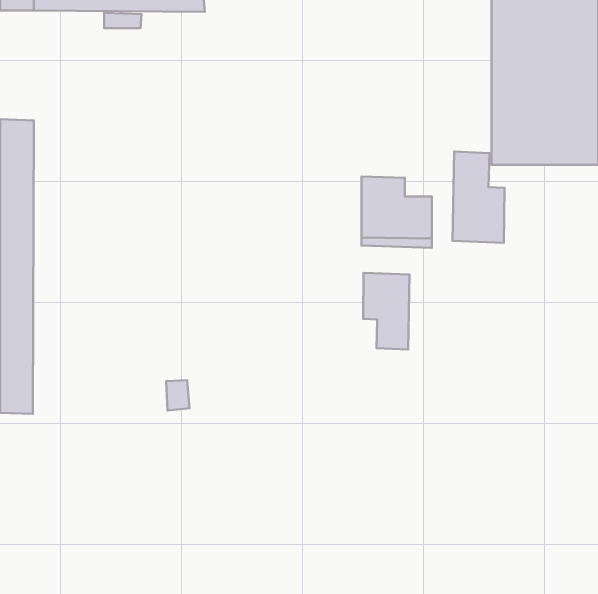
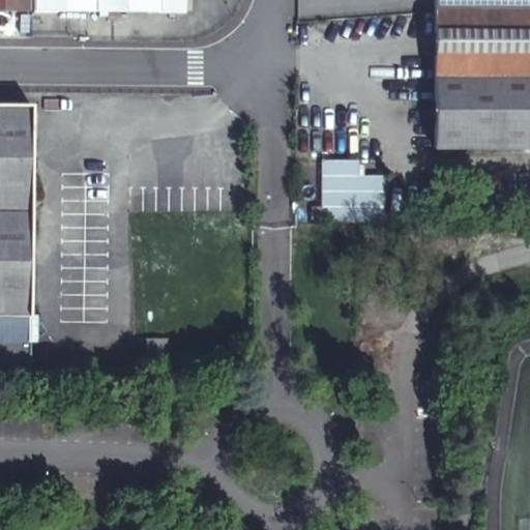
building: [453,152,504,243] -> none
building: [363,273,409,349] -> none

